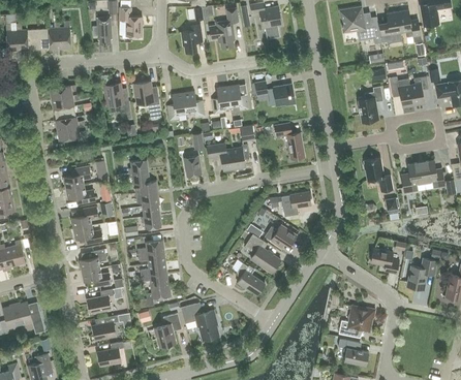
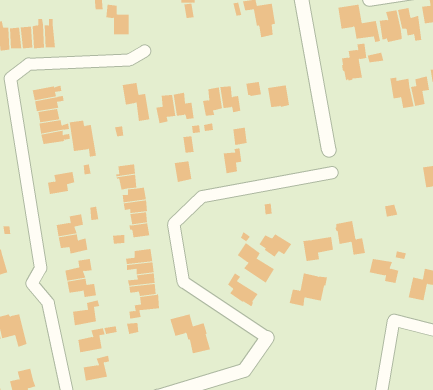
building: [209,8,238,47] -> none
building: [92,17,112,43] -> none
building: [181,24,202,53] -> none
building: [104,84,131,119] -> [69,120,97,157]
building: [358,86,382,122] -> [341,43,367,81]
building: [274,122,304,159] -> none
building: [206,144,234,170] -> none
building: [363,158,393,191] -> [335,220,366,255]
building: [401,162,424,193] -> none
building: [65,185,95,204] -> none
building: [281,192,311,216] -> [302,237,334,262]
building: [338,305,375,337] -> [289,273,328,307]
building: [153,313,182,347] -> none
building: [338,339,368,366] -> none

